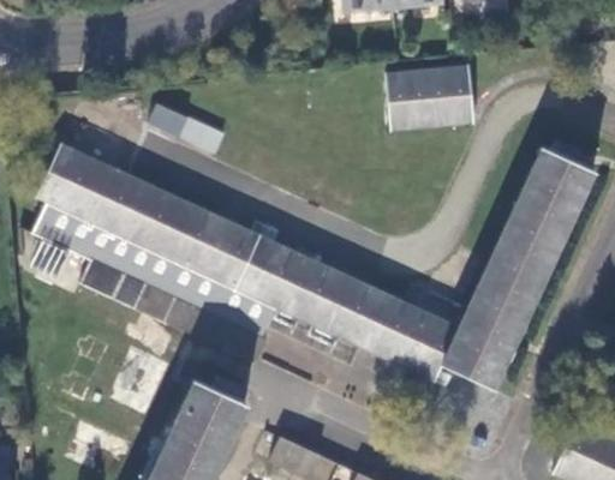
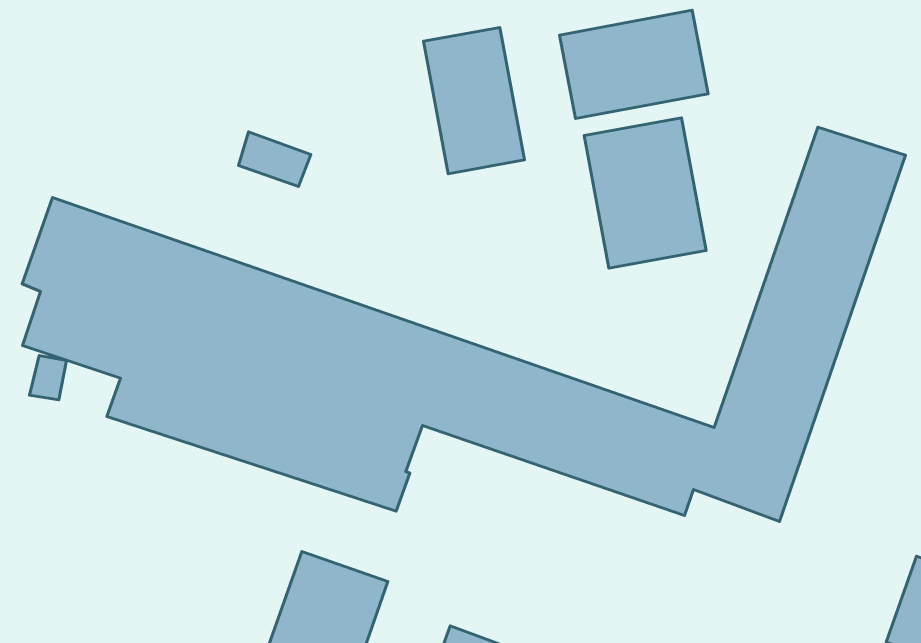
building: none -> [423,27,525,174]
building: none -> [584,118,706,268]

